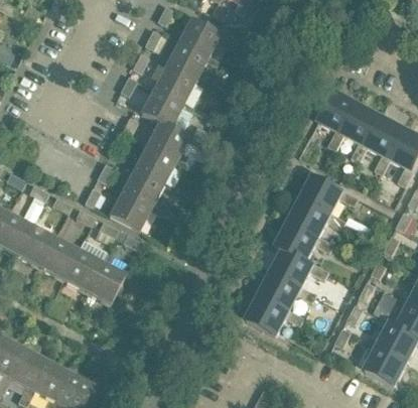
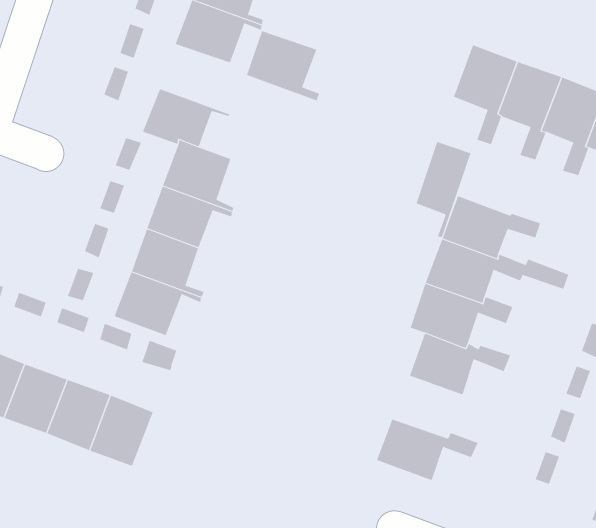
building: [151,66,193,111] -> [246,31,320,101]
building: none -> [416,141,471,238]
building: [258,273,318,311] -> none

